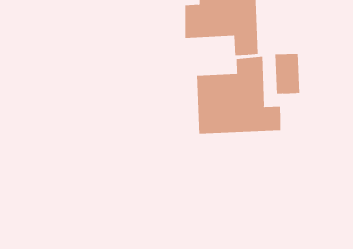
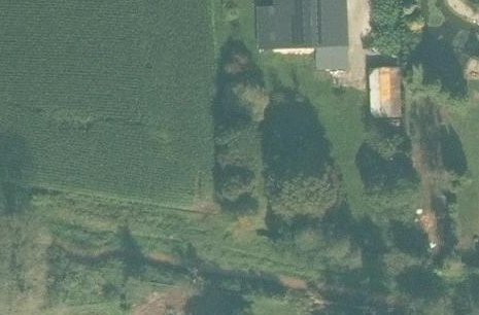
building: [197,56,281,134] -> none

